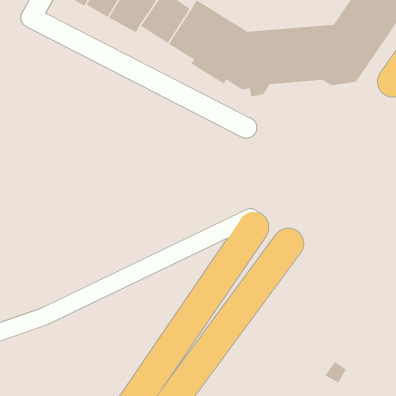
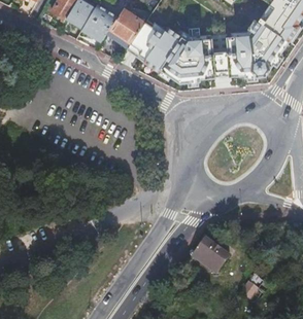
building: none -> [195,239,230,274]

